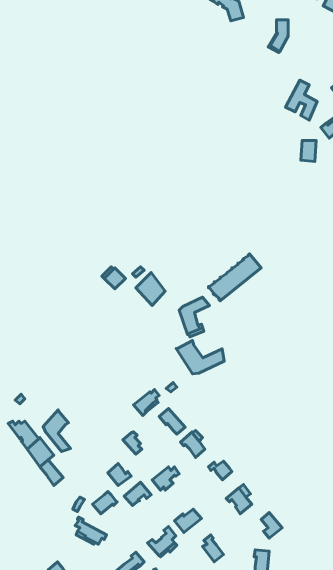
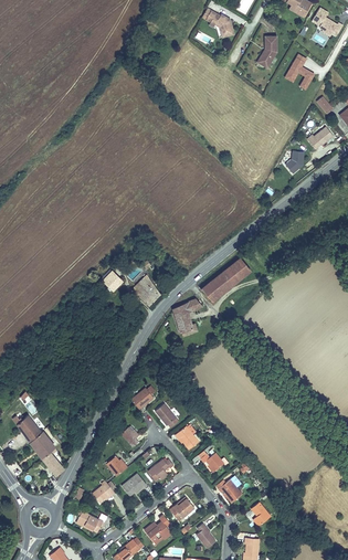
building: [286,80,317,120] -> [284,52,314,89]
building: [176,341,224,374] -> none
building: [43,410,70,452] -> none

